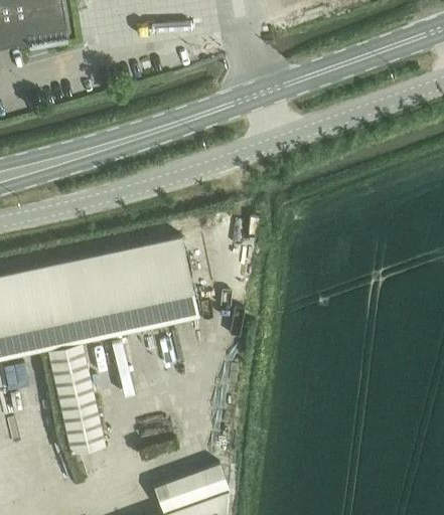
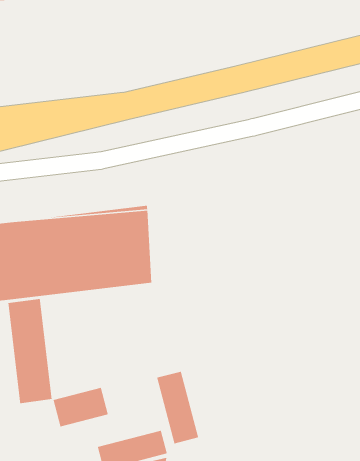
building: none -> [156,371,199,445]
building: none -> [52,387,109,428]

